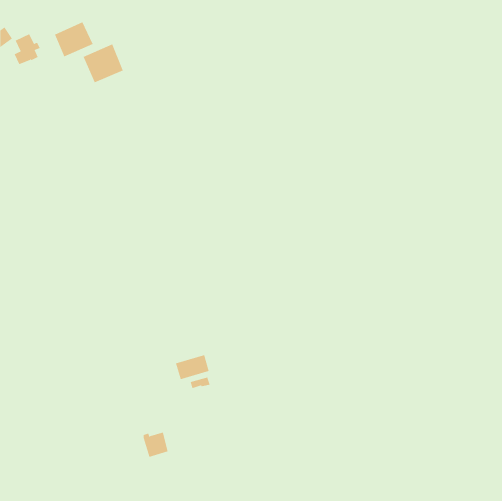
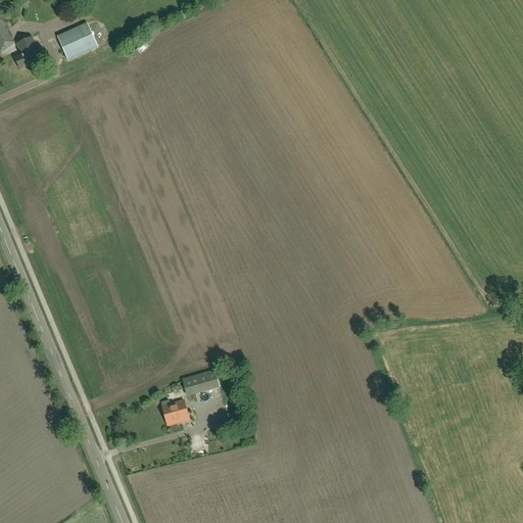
building: [83,44,124,83] -> none
building: [143,432,168,458] -> [161,398,188,425]

